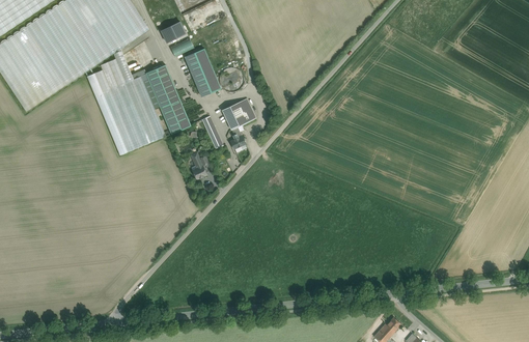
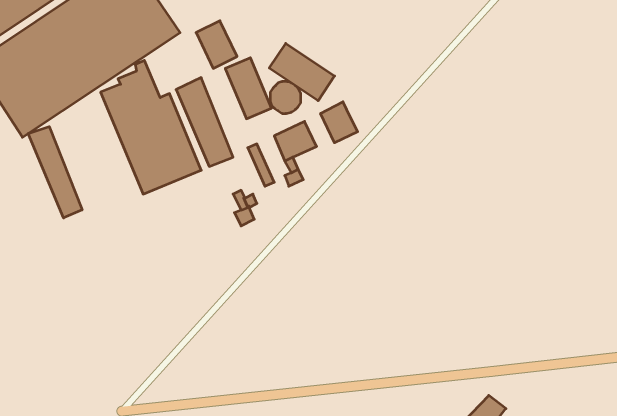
building: none -> [269,43,335,101]
building: none -> [321,102,358,143]
building: none -> [28,127,82,218]

